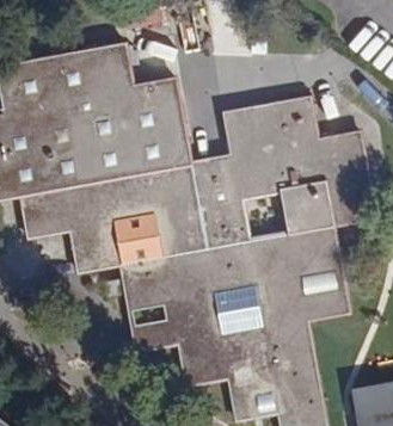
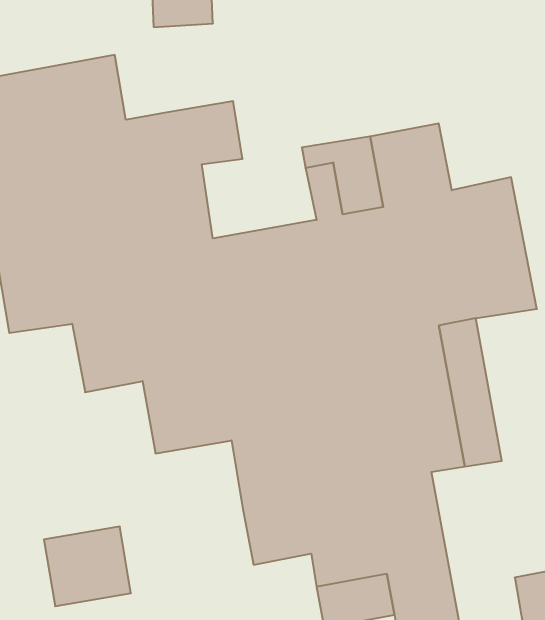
building: [97,48,130,94] -> none
building: [153,119,188,171] -> none
building: [123,301,179,352] -> [44,527,131,606]

